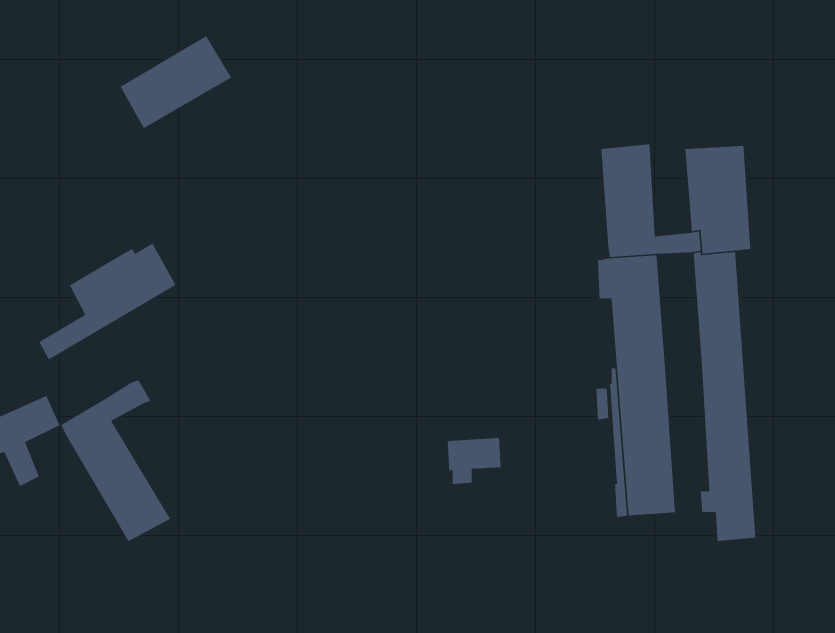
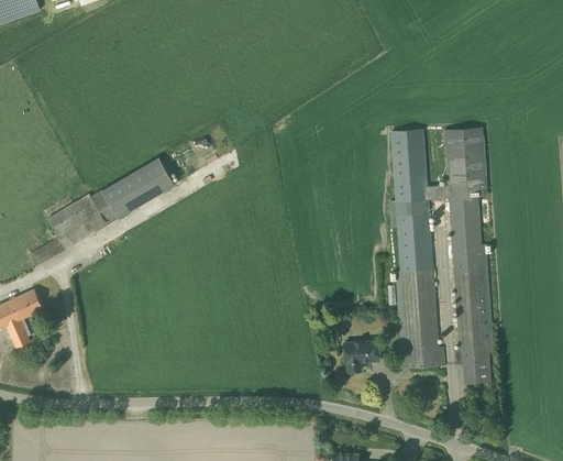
building: [119,35,232,129] -> [102,157,175,218]
building: [60,379,171,542] -> none
building: [447,437,502,485] -> [344,340,379,371]

